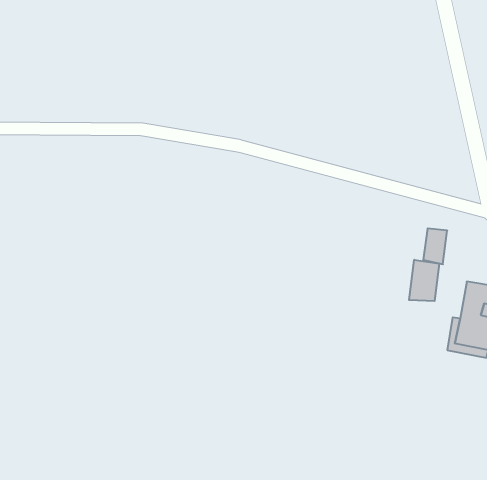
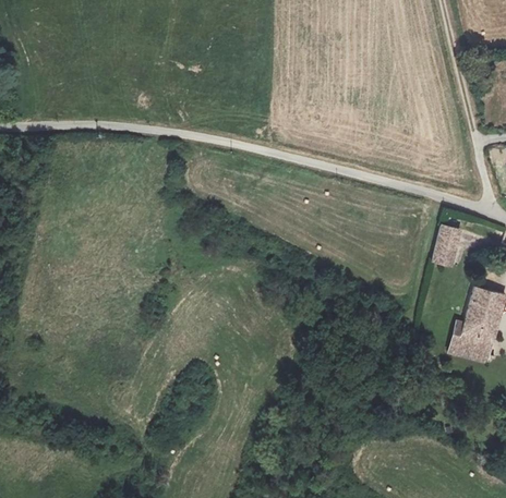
building: [409,260,439,301] -> none

